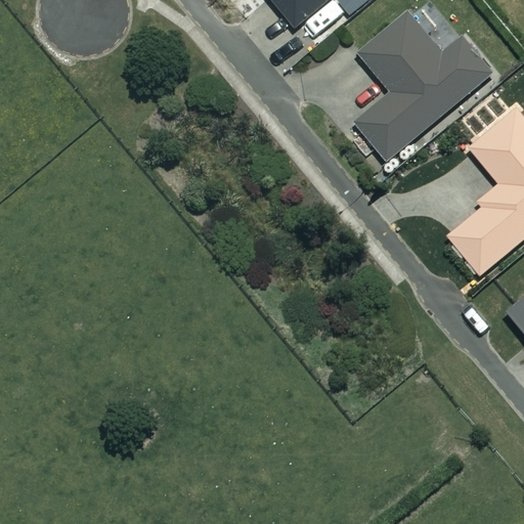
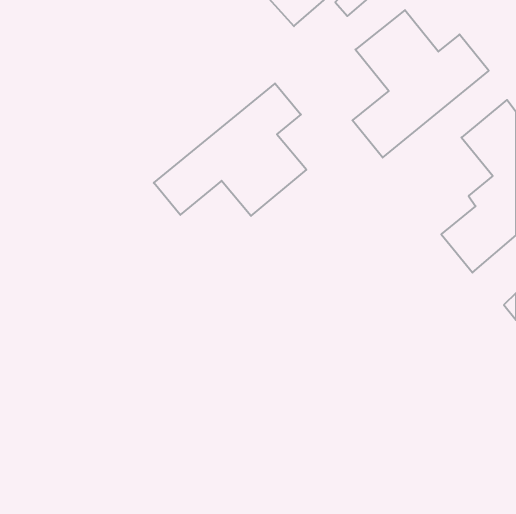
building: none -> [154,83,306,216]

